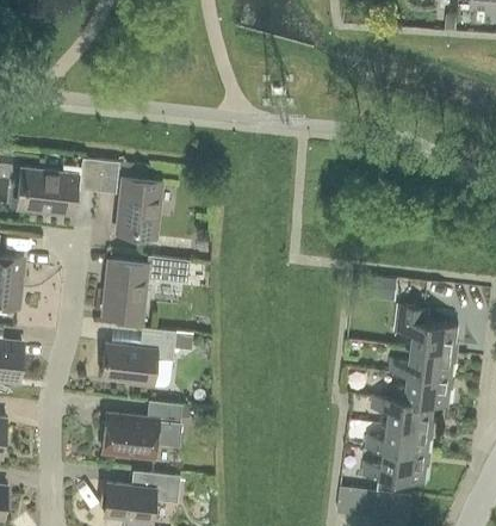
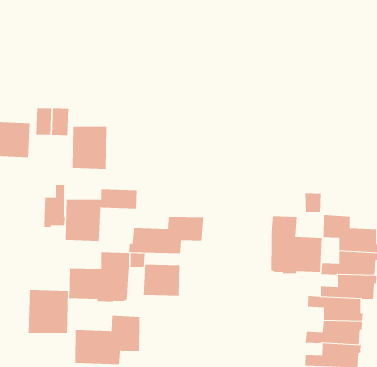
building: none -> [44,184,65,228]
building: none -> [129,216,204,254]
building: none -> [271,216,322,274]
building: none -> [143,264,180,296]
building: none -> [28,289,69,334]

